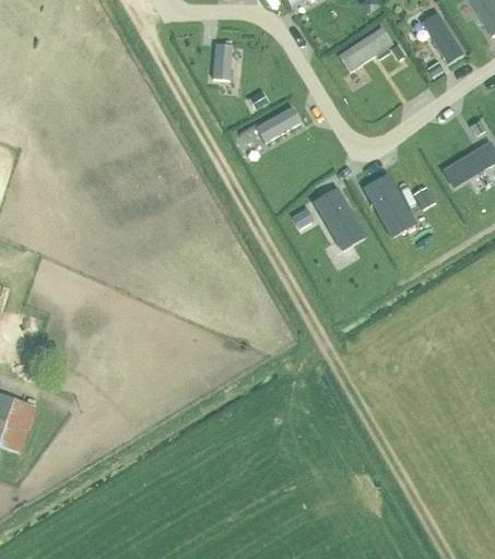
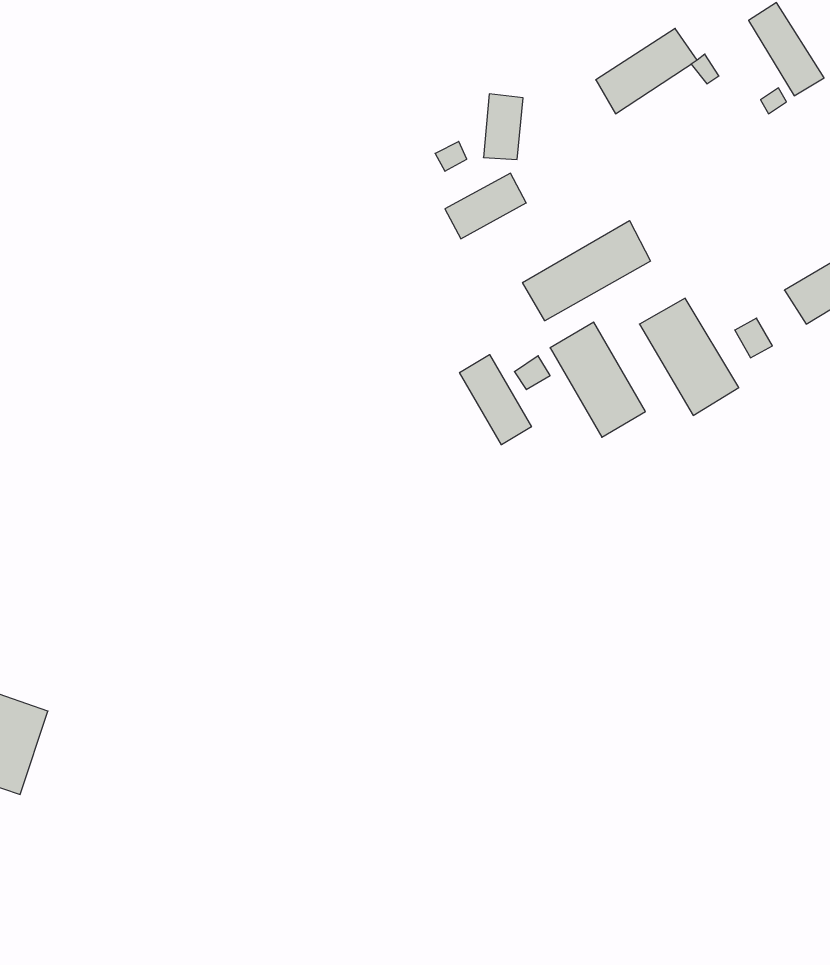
building: [212,43,234,79] -> [483,94,523,159]
building: none -> [523,221,650,321]
building: none -> [460,355,531,445]

